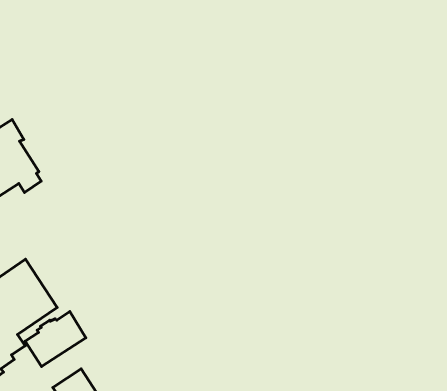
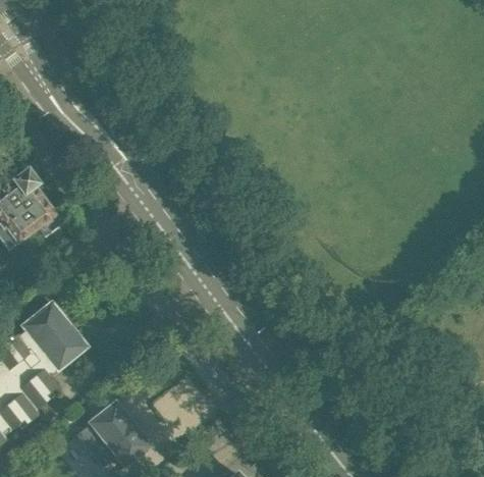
building: [25,312,86,367] -> none

